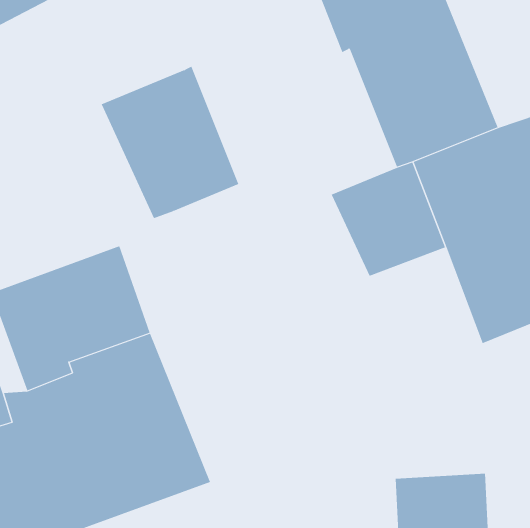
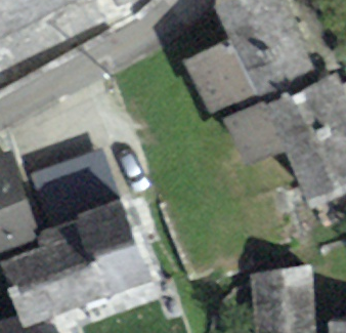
building: [101,66,239,219] -> [181,39,259,125]

